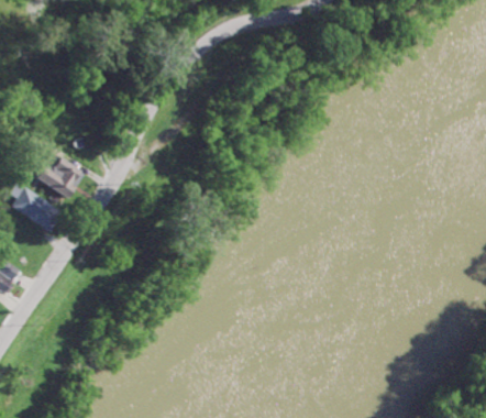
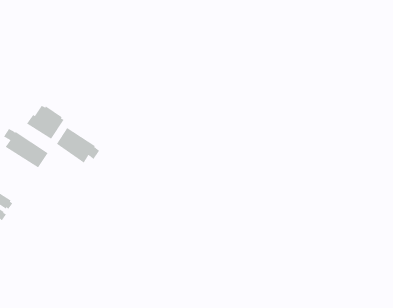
building: none -> [56,127,100,163]

